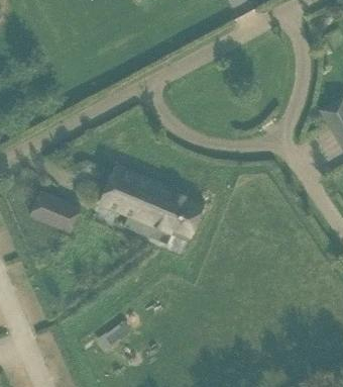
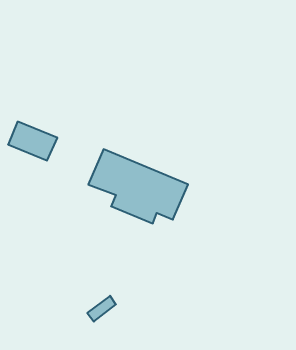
building: [29,189,82,230] -> [8,122,57,161]

